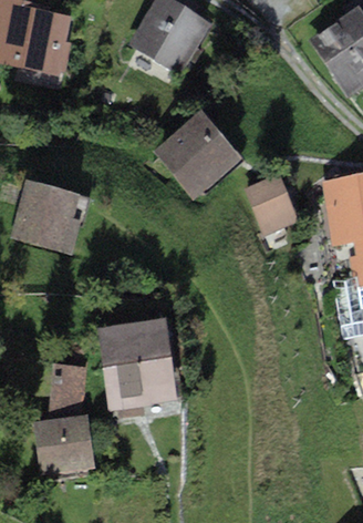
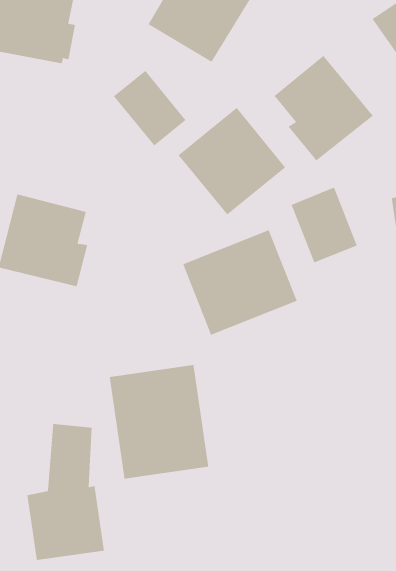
building: none -> [273,55,374,162]
building: none -> [113,70,187,146]
building: none -> [182,229,298,336]

